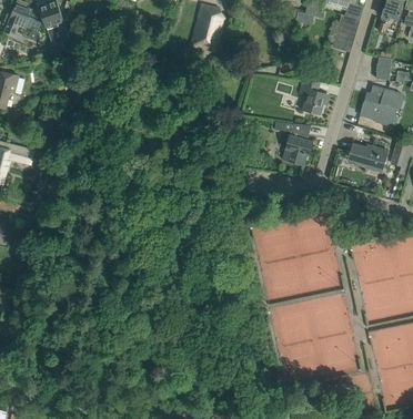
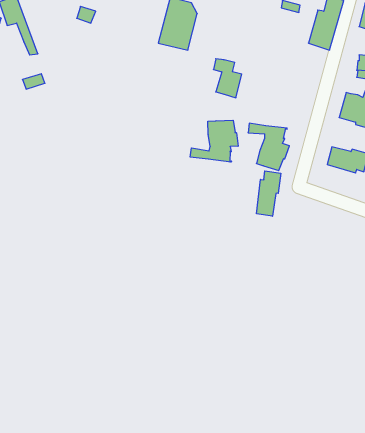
building: [300,79,326,115] -> [213,59,242,98]
building: none -> [190,120,238,162]
building: none -> [257,171,281,216]

